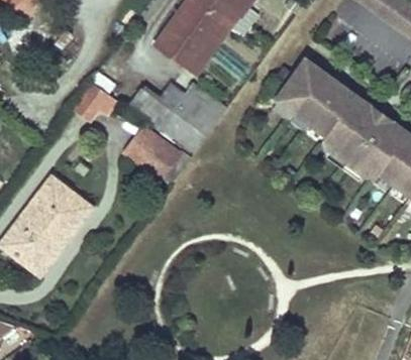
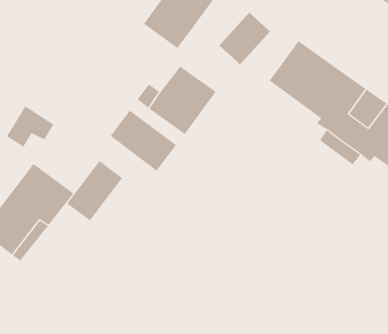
building: none -> [218,12,271,65]
building: [72,84,118,124] -> [6,106,54,148]
building: none -> [67,160,123,221]

